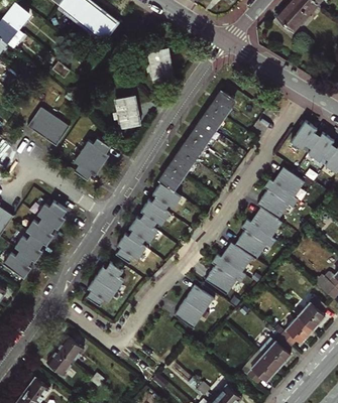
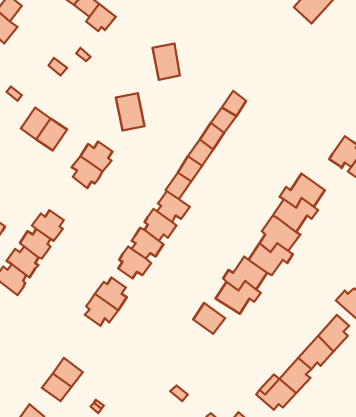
building: [292,121,321,150] -> none
building: [175,300,203,328] -> none

